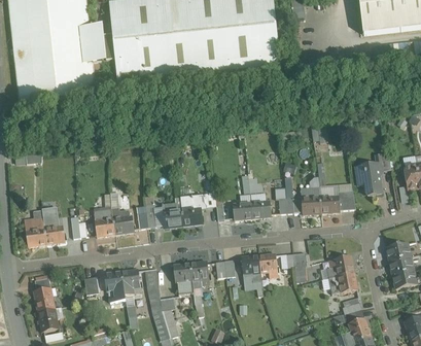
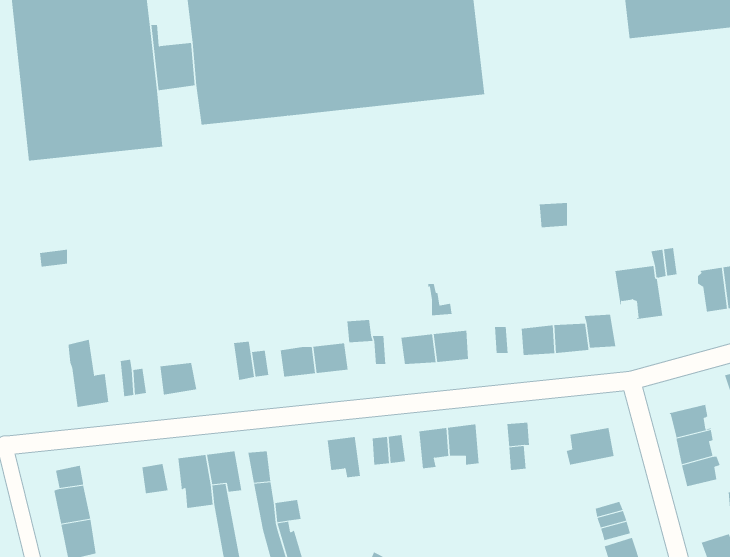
building: [111,206,134,233] -> none
building: [25,220,46,245] -> none
building: [173,262,192,292] -> none
building: [328,271,357,295] -> none

